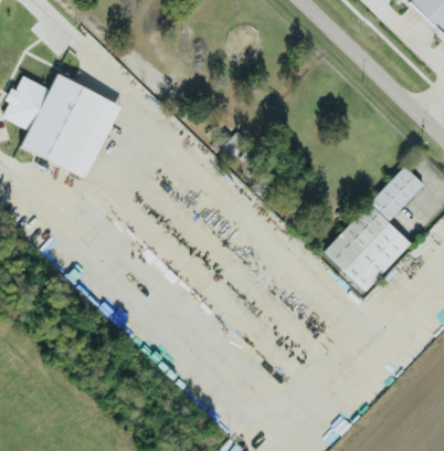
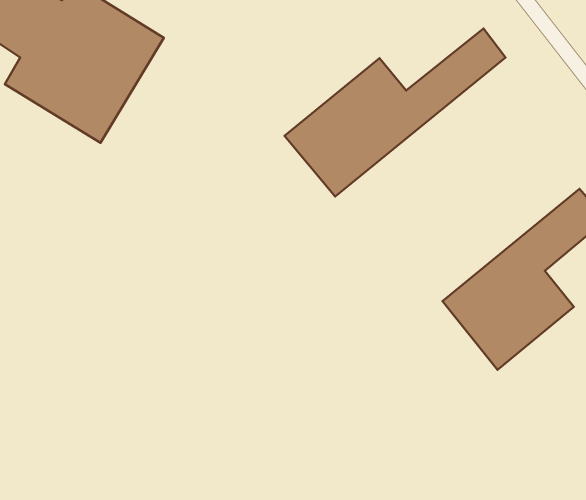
building: none -> [285,28,505,197]

